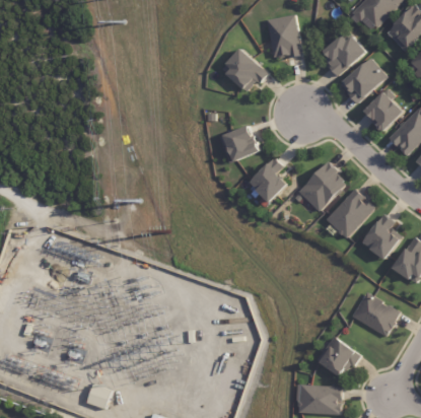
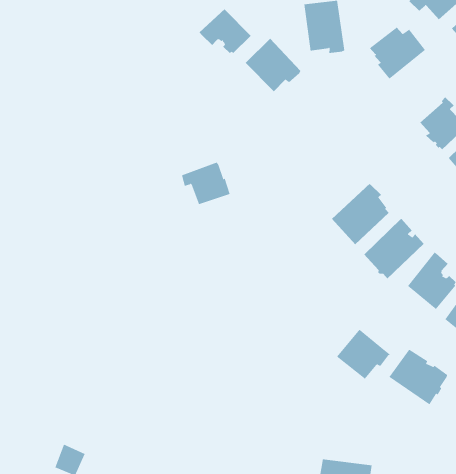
building: none -> [199,8,252,54]
building: [340,58,387,103] -> none
building: [219,125,260,160] -> [181,162,231,205]
building: [249,157,287,202] -> none
building: [315,336,359,376] -> [336,329,390,380]

